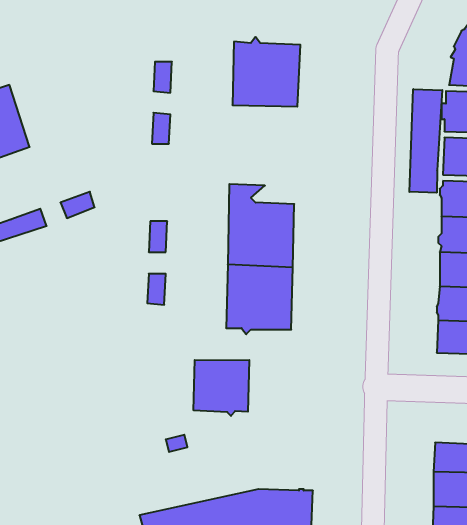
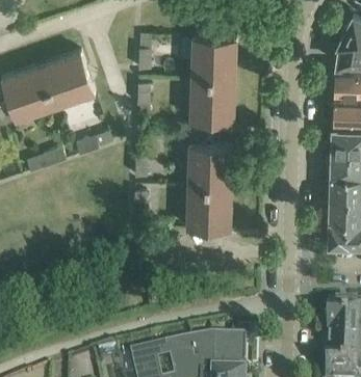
building: none -> [42,47,96,102]
building: [409,89,442,193] -> none
building: none -> [189,74,235,128]
building: [194,360,249,416] -> none

